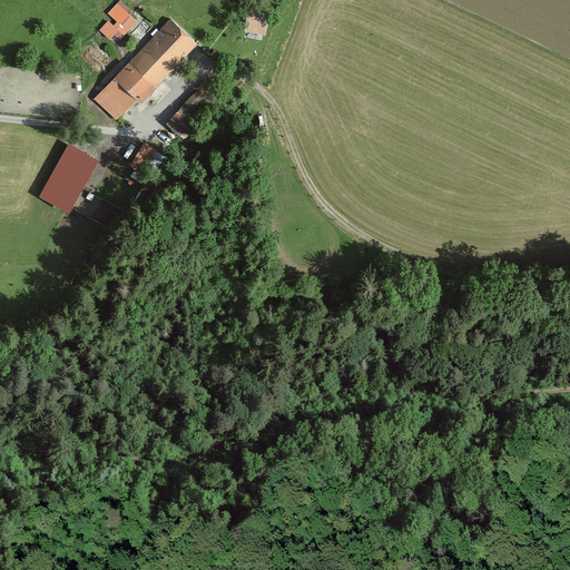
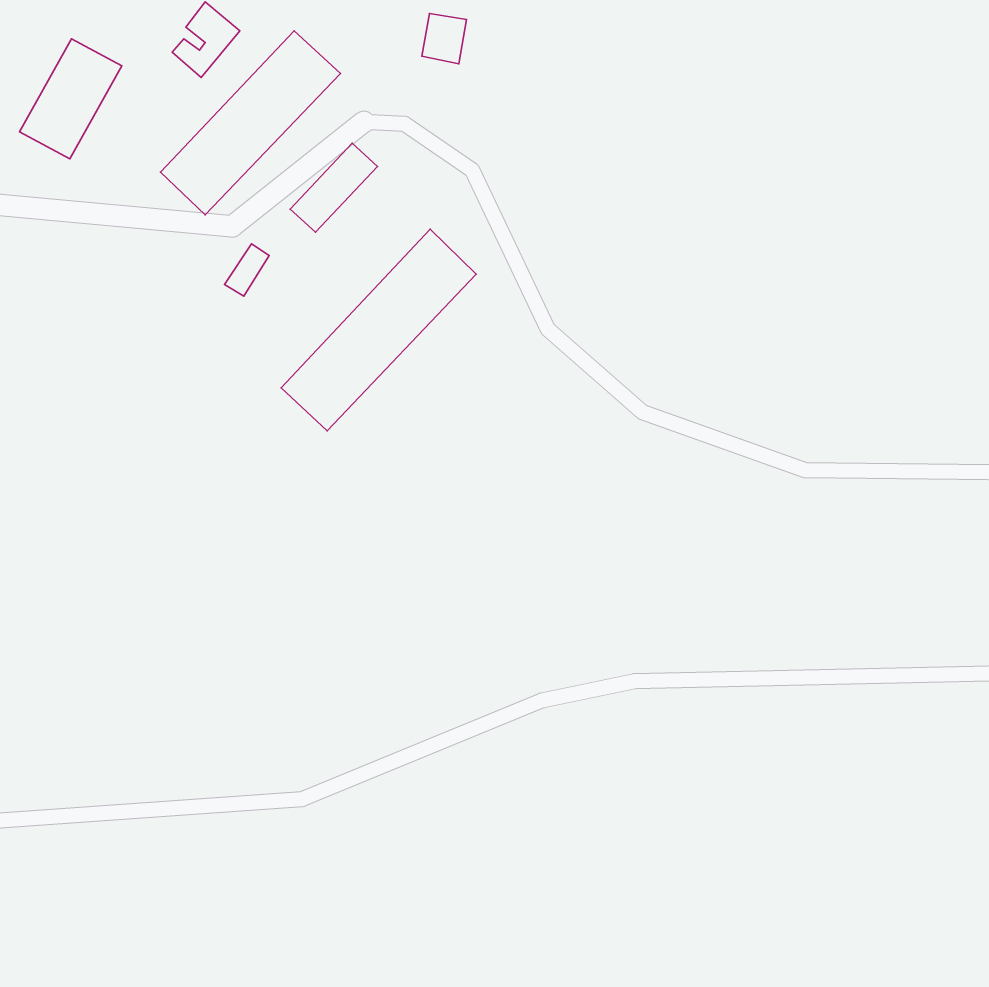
building: none -> [281,229,476,431]
building: [39,140,98,209] -> [19,39,122,159]

